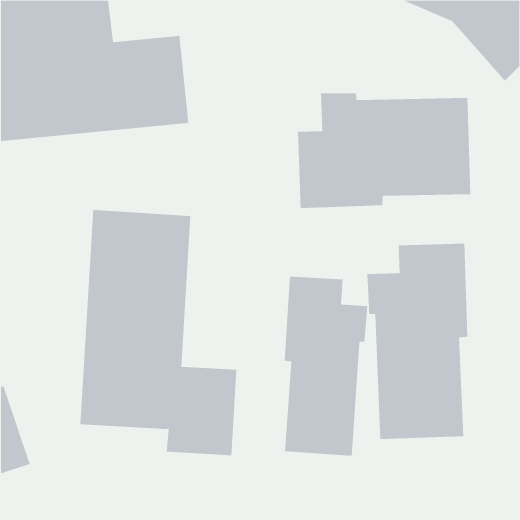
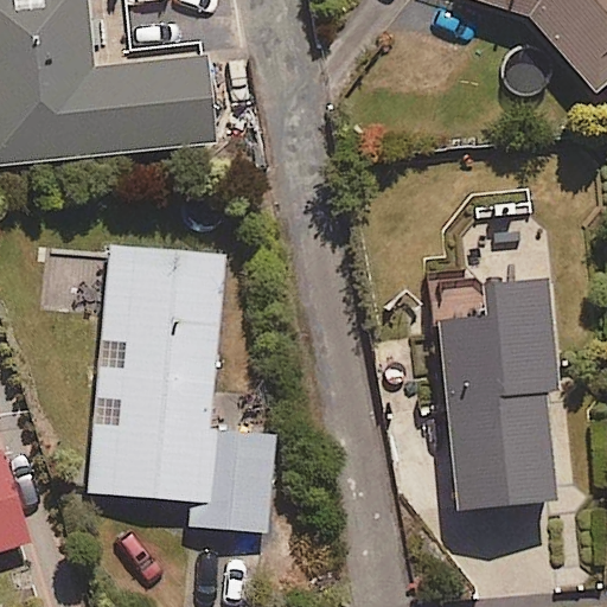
building: [297,93,471,209] -> none
building: [284,276,368,456] -> none

